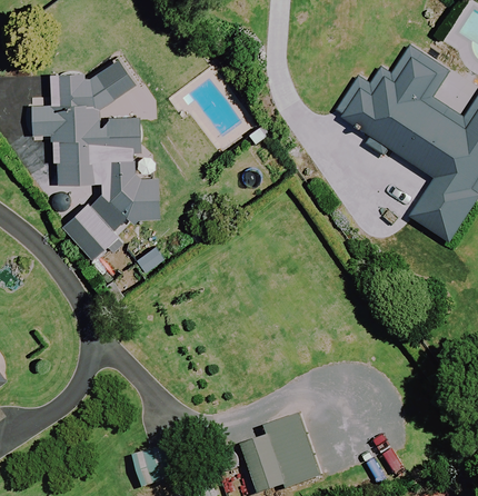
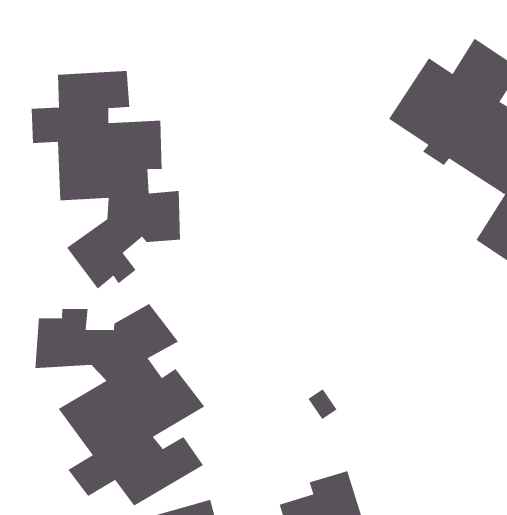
building: none -> [35,303,205,507]

